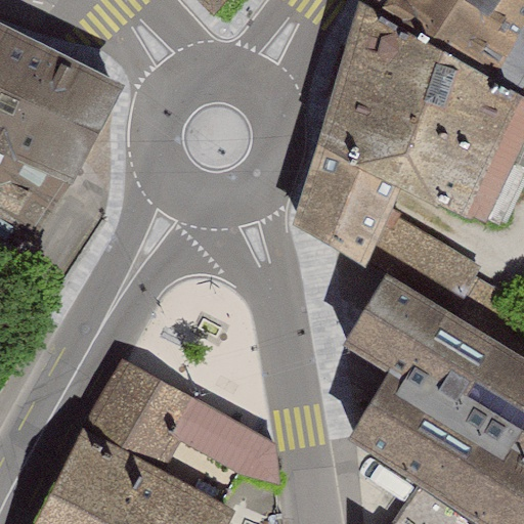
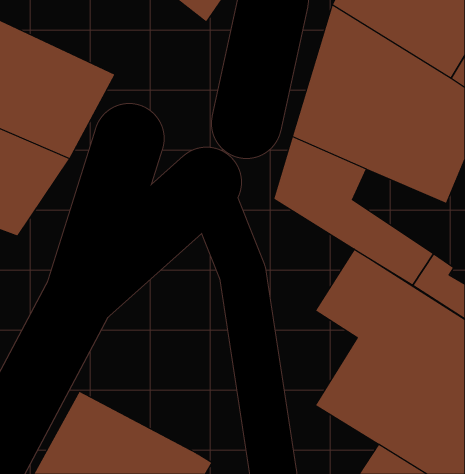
building: [87,364,266,499] -> none

